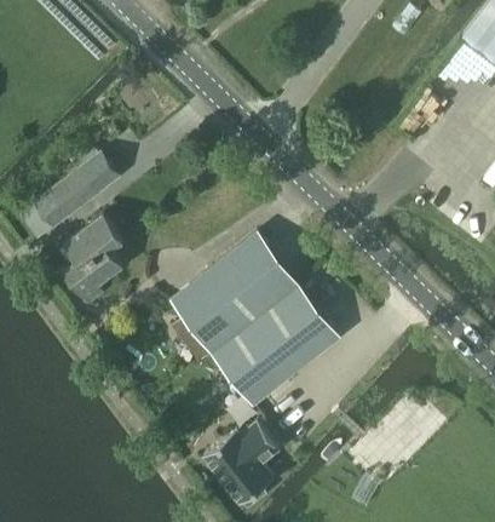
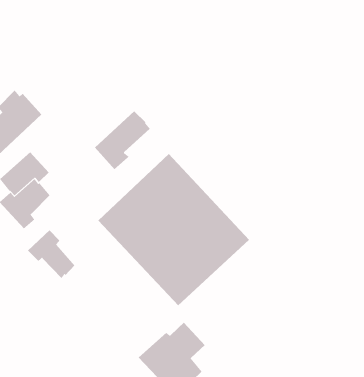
building: none -> [94,110,151,170]
building: none -> [27,230,75,279]

